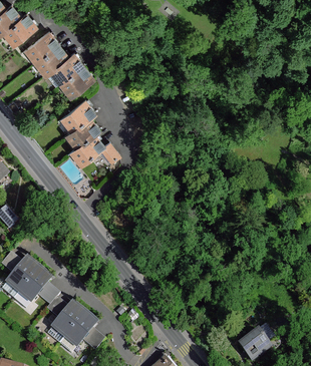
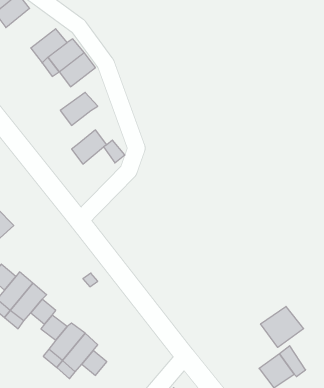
building: [28,30,59,60] -> none
building: [68,115,100,145] -> none
building: none -> [261,306,304,347]

